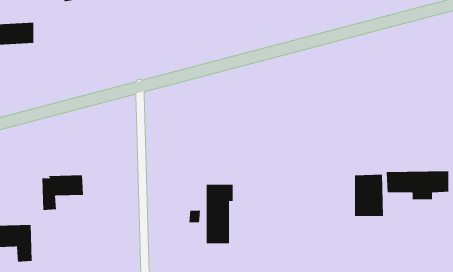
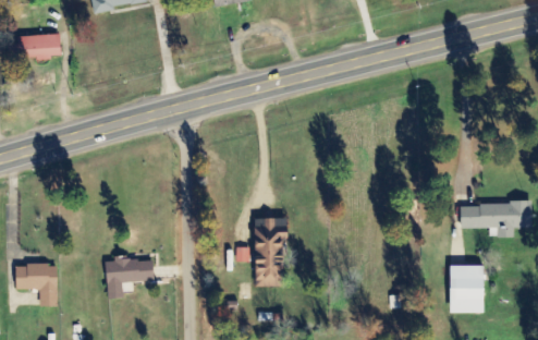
building: [354,174,384,216] -> [450,264,484,312]
building: [42,175,84,210] -> [106,257,154,298]

